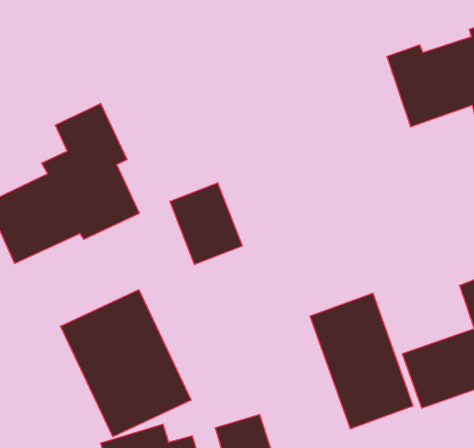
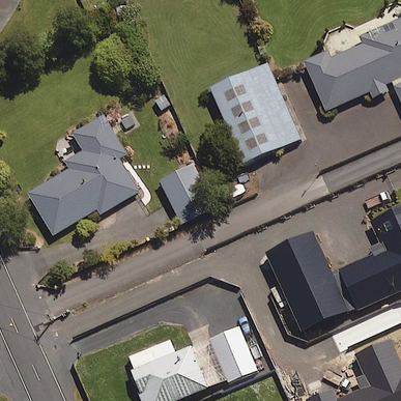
building: none -> [210,63,299,163]
building: [60,290,191,437] -> none

